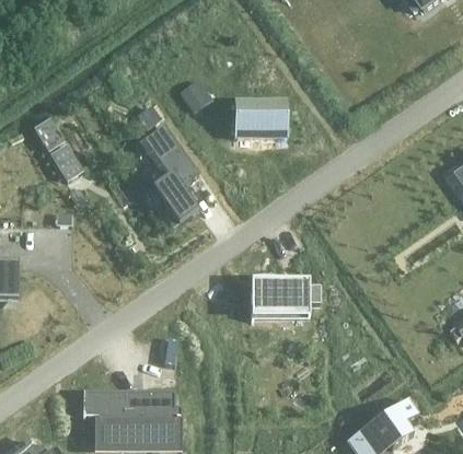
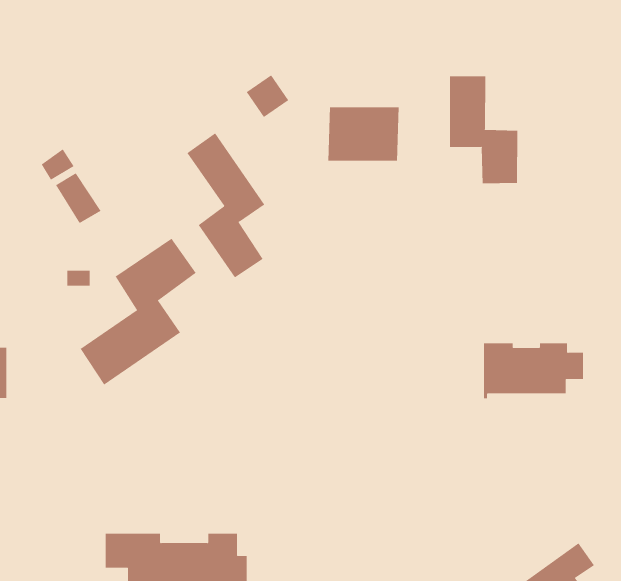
building: none -> [450,75,518,184]
building: none -> [80,238,196,385]
building: [251,278,320,316] -> [483,343,584,399]

